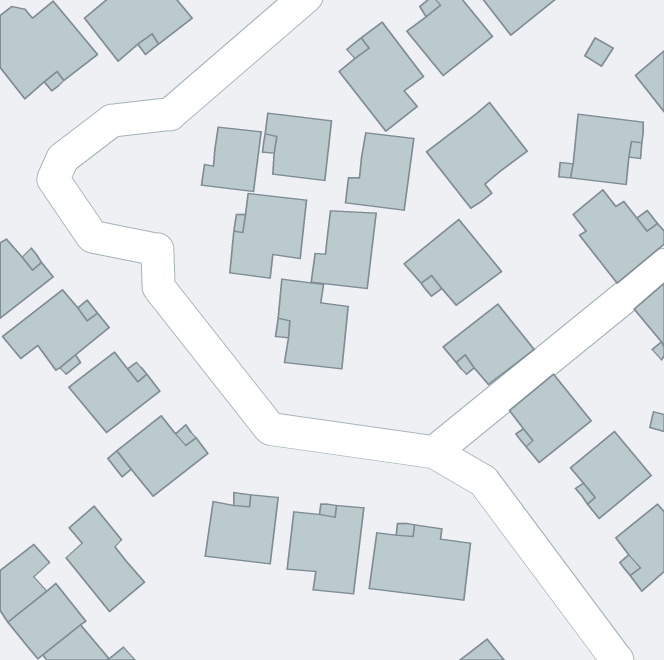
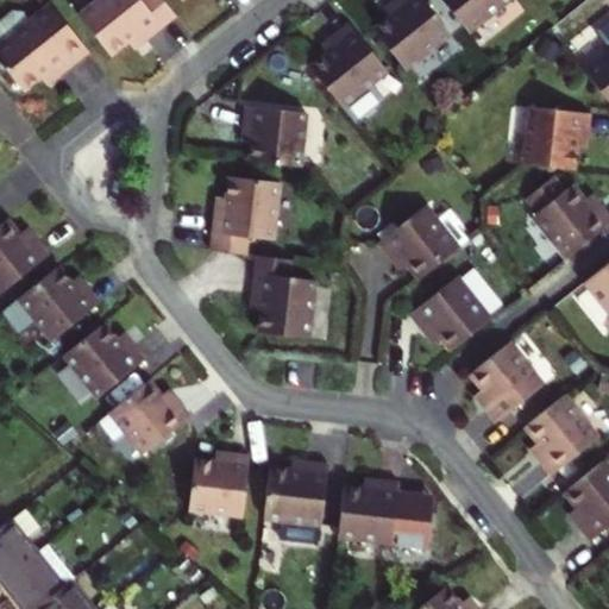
building: [427,102,527,208] -> none
building: [202,127,261,192] -> none
building: [345,133,414,210] -> none
building: [311,211,376,288] -> none
building: [66,506,145,611] -> none

